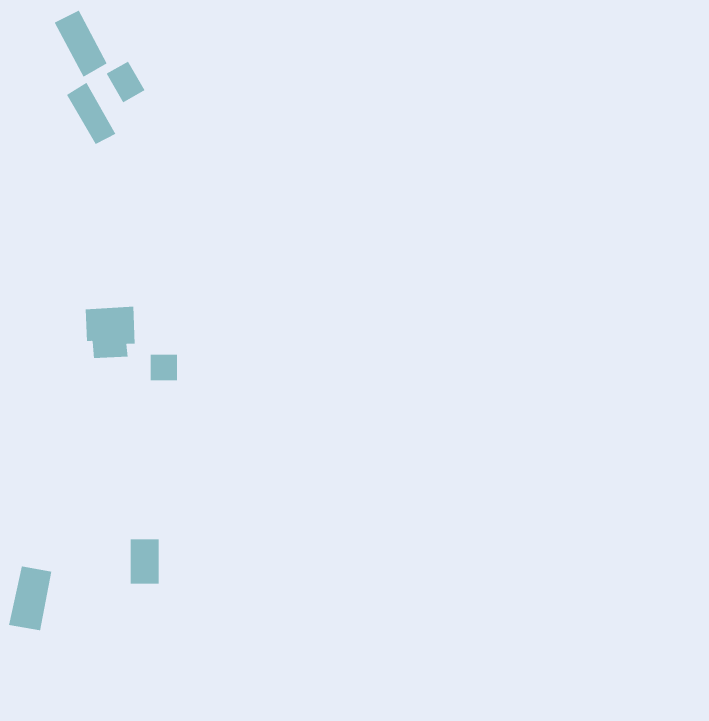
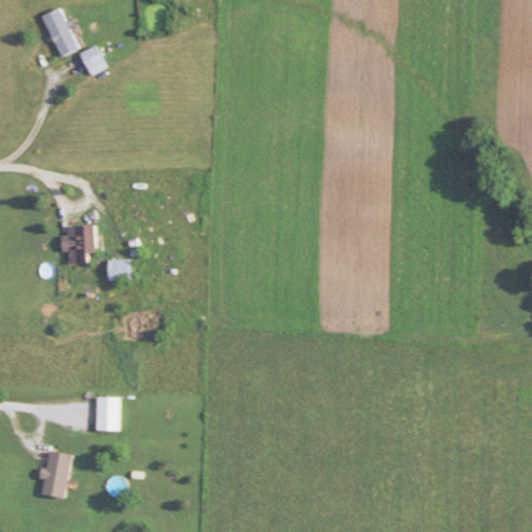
building: [66,82,116,145] -> none
building: [8,566,52,631] -> [39,450,72,498]

